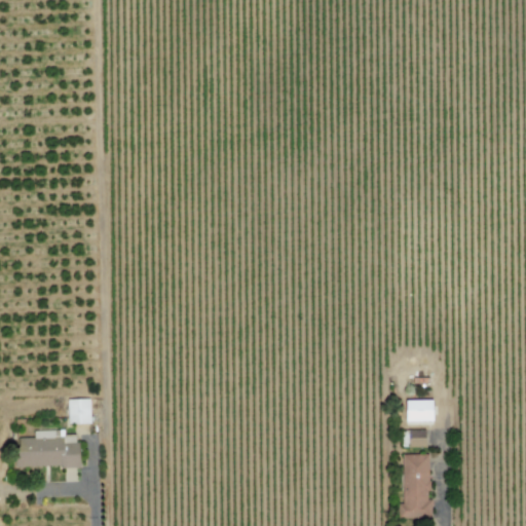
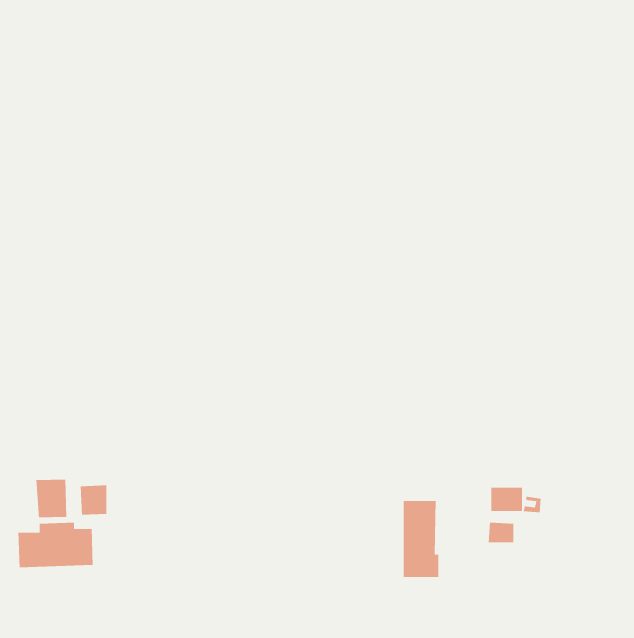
building: none -> [36,479,67,518]
building: [403,454,433,518] -> [403,500,439,578]

